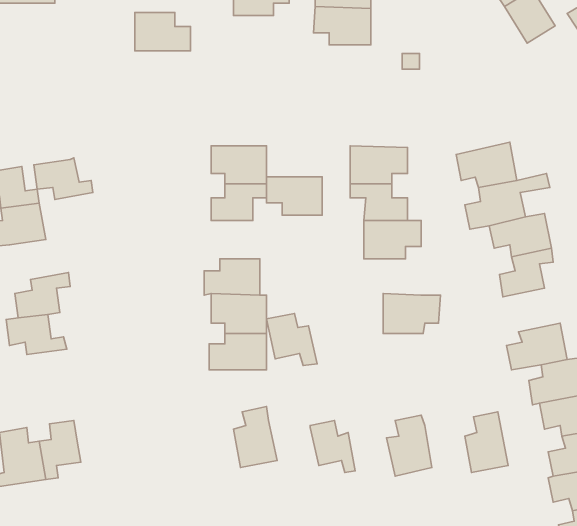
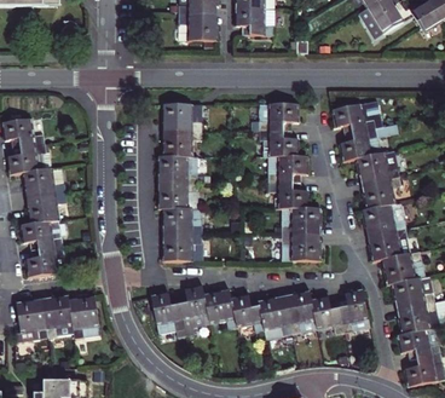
building: [135,13,190,51] -> [179,13,218,40]
building: [34,158,93,200] -> [23,168,64,197]
building: [267,177,322,215] -> [158,156,197,183]
building: none -> [270,183,310,208]
building: none -> [363,202,406,233]
building: [267,313,317,366] -> [203,292,238,328]
building: none -> [282,235,323,261]
building: none -> [25,246,64,277]
building: none -> [151,293,184,333]
building: none -> [70,296,99,336]
building: none -> [312,296,345,333]
building: none -> [258,299,291,339]

